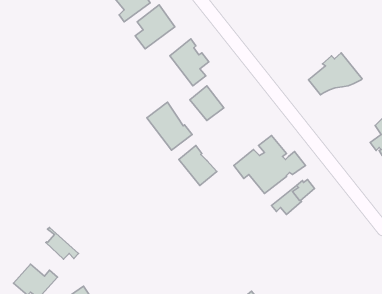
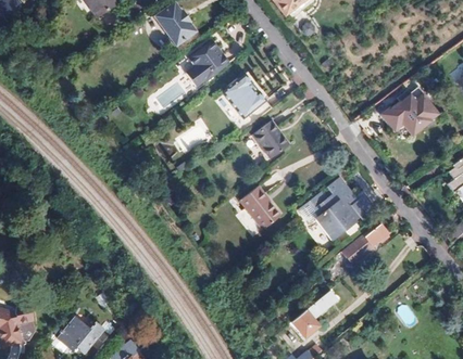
building: [147,102,192,150] -> none
building: [46,228,78,259] -> none
building: none -> [292,292,337,339]

